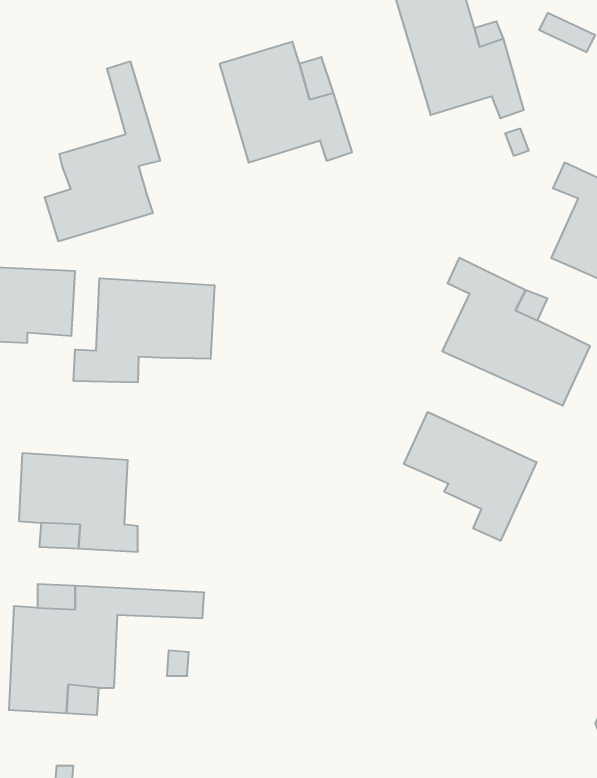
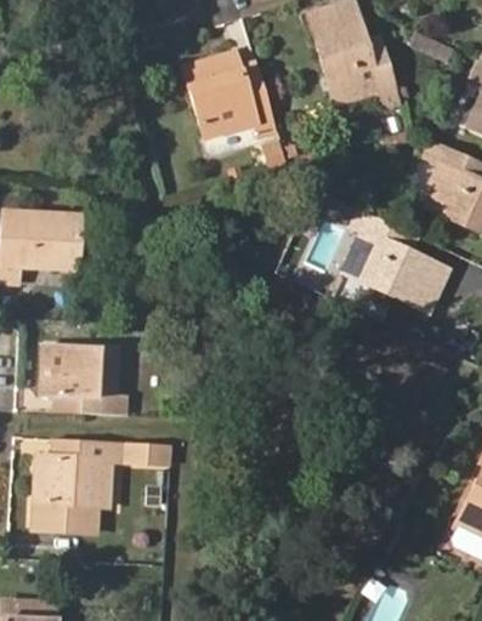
building: [45,61,160,241] -> none
building: [74,278,214,382] -> none
building: [404,412,537,541] -> none

